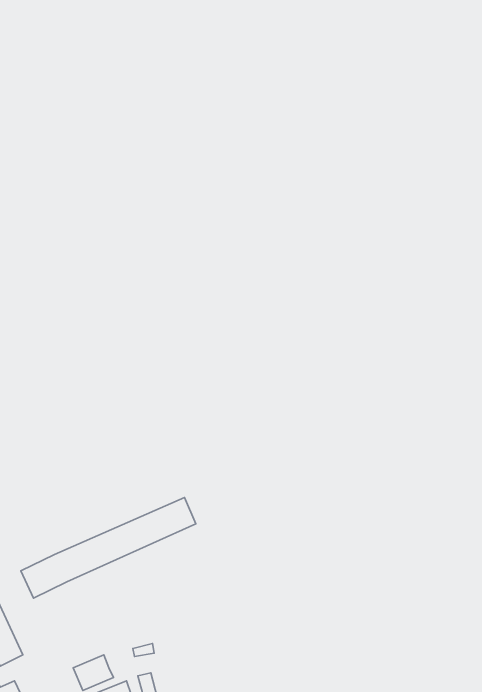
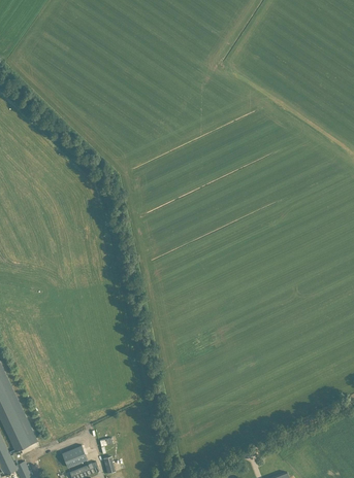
building: [21,498,196,598] -> none

